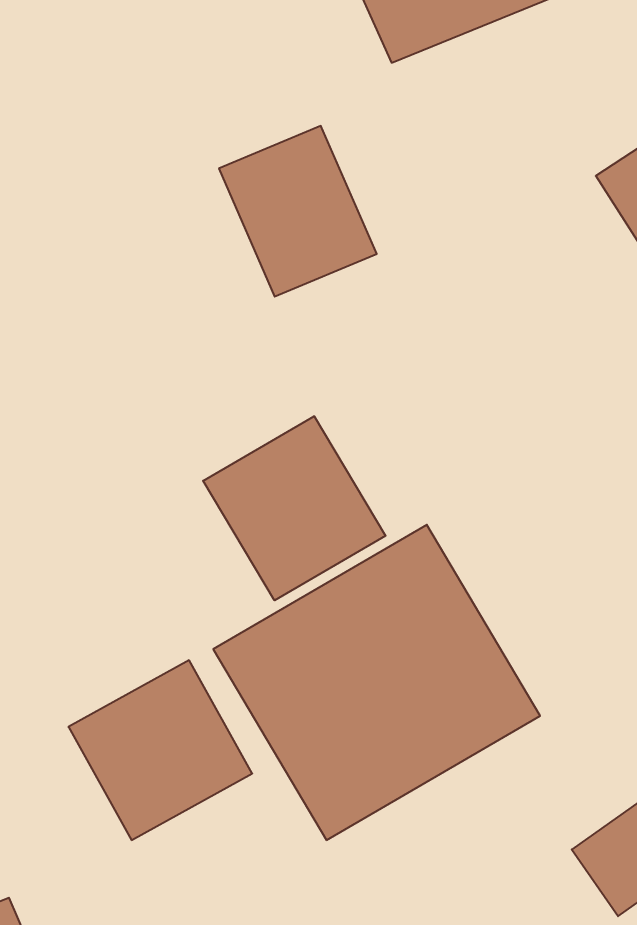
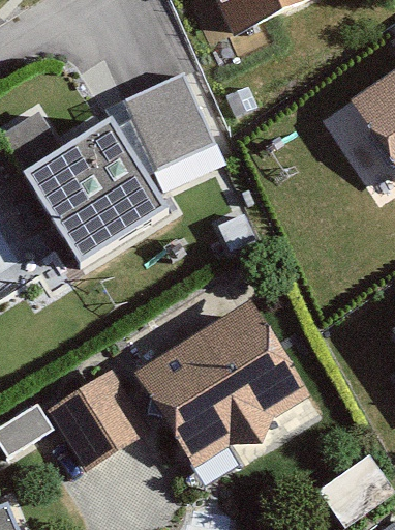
building: none -> [16,123,157,266]
building: [203,416,386,600] -> none

